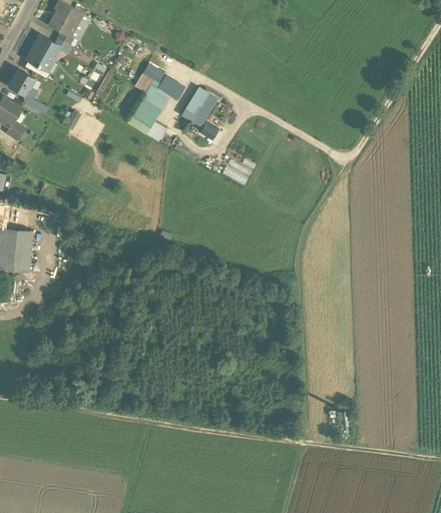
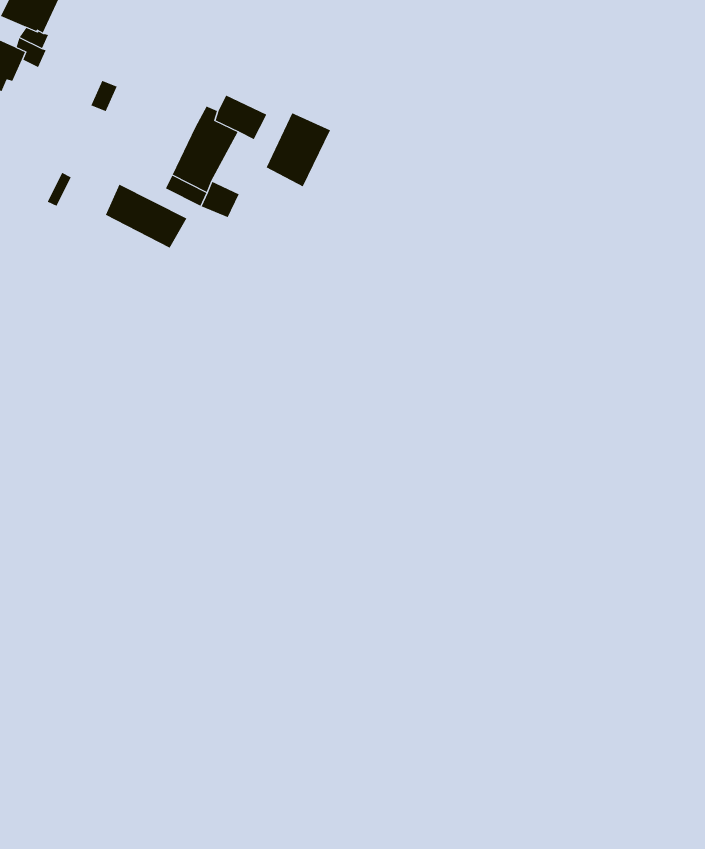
building: [135,63,165,92] -> none
building: none -> [105,184,187,249]

